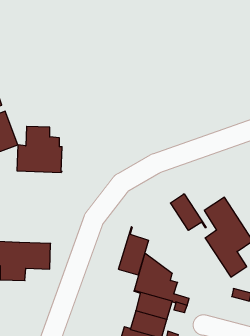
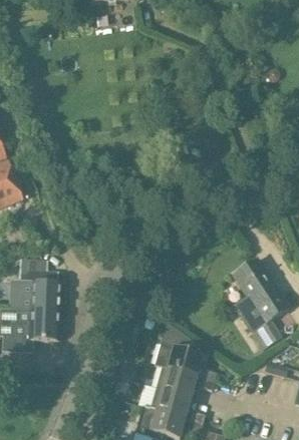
building: [17,126,62,172] -> [9,259,60,311]
building: [170,194,206,230] -> none
building: [119,227,148,275] -> none

